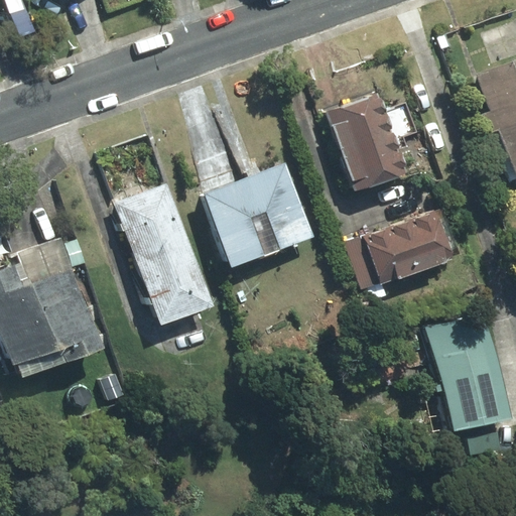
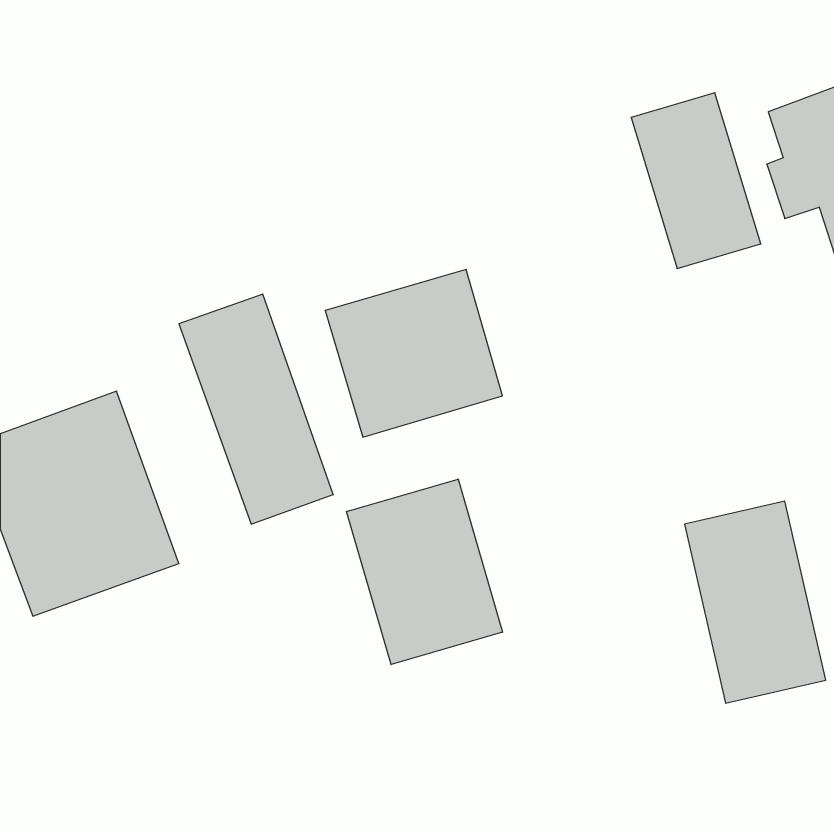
building: [329,92,408,200] -> [631,93,761,269]
building: [342,205,466,299] -> none
building: none -> [347,479,503,665]

